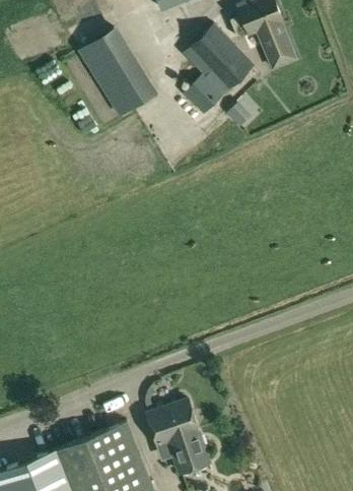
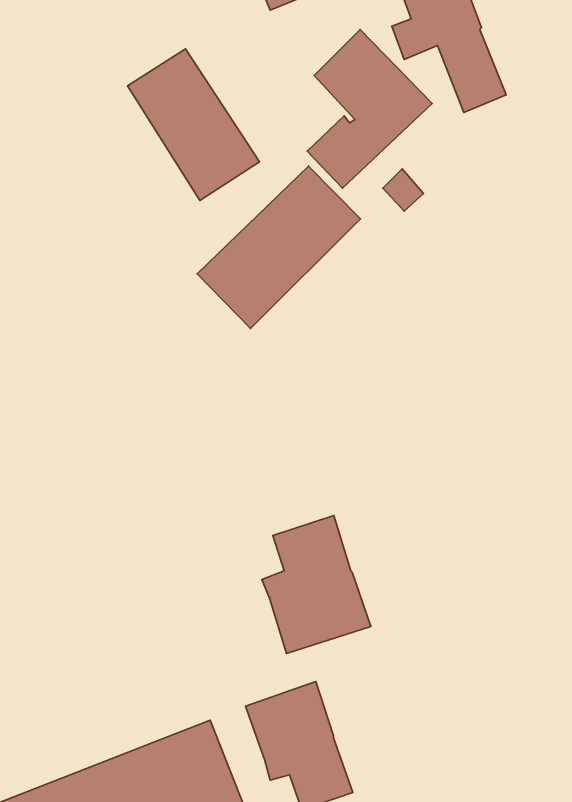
building: none -> [197,166,360,328]
building: none -> [262,516,371,653]

